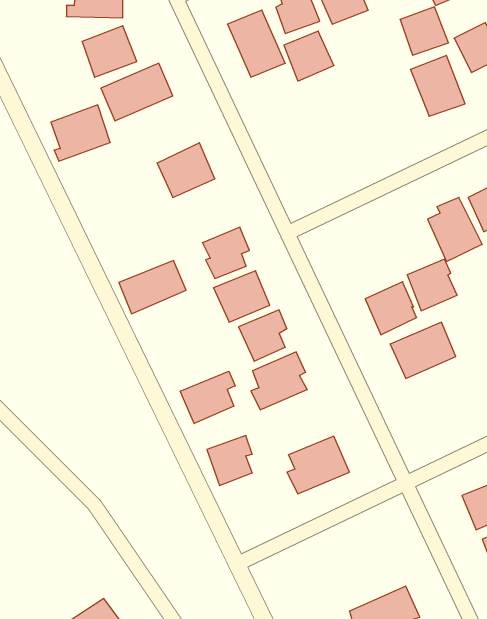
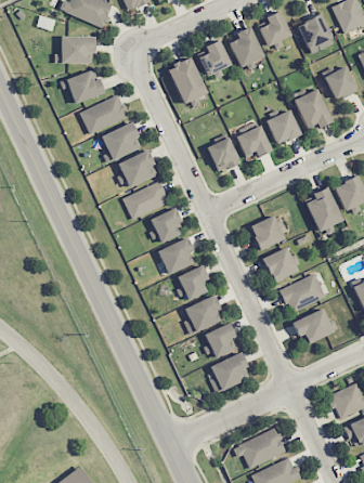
building: [400,7,449,55] -> [266,110,300,144]
building: [284,31,334,81] -> [236,126,271,160]
building: [51,105,110,161] -> [101,122,142,161]
building: none -> [208,138,239,171]
building: [407,259,457,311] -> [249,214,284,250]
building: [119,261,186,314] -> [122,182,169,219]
building: none -> [294,308,335,345]
building: [180,371,235,424] -> none
building: [207,435,252,485] -> [203,324,234,358]
building: none -> [232,428,286,468]

